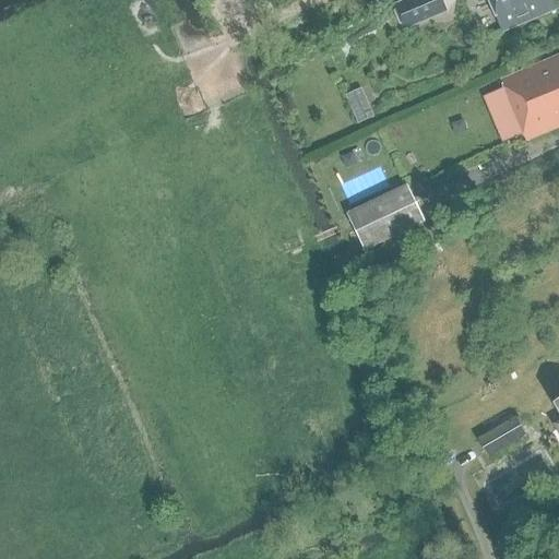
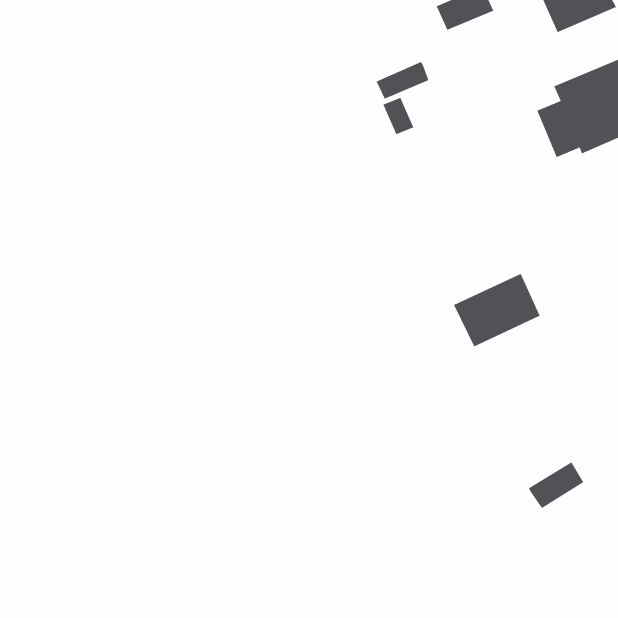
building: none -> [376,61,429,99]
building: [347,185,426,251] -> [453,273,541,347]

